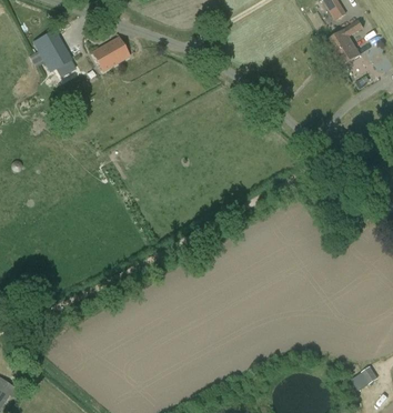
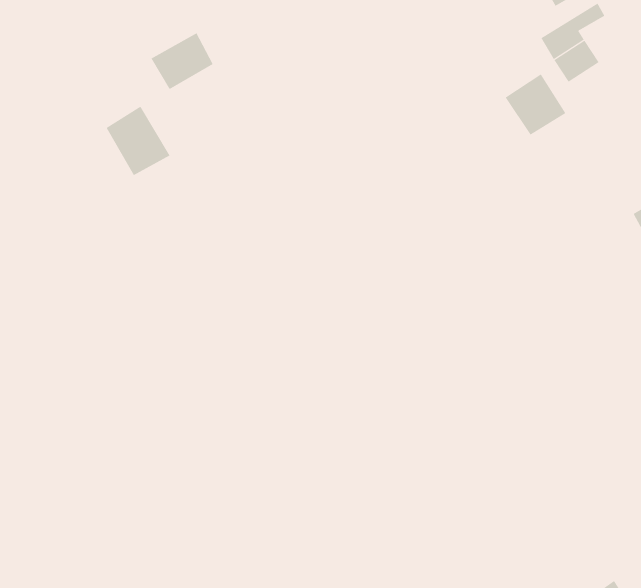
building: [32,29,71,71] -> [106,106,170,176]
building: none -> [505,74,566,135]

